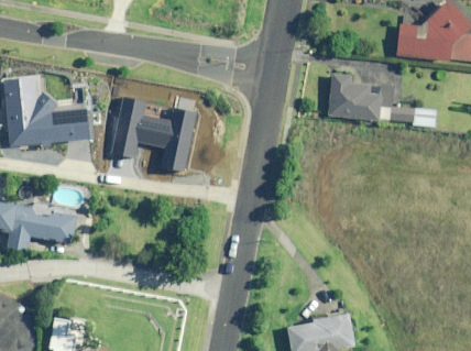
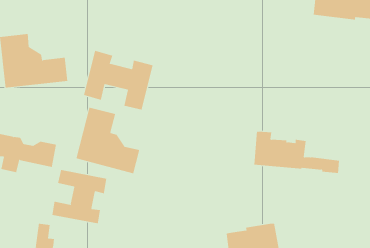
building: [328,74,436,127] -> [254,131,340,174]
building: none -> [76,107,140,174]
building: none -> [52,169,107,224]

